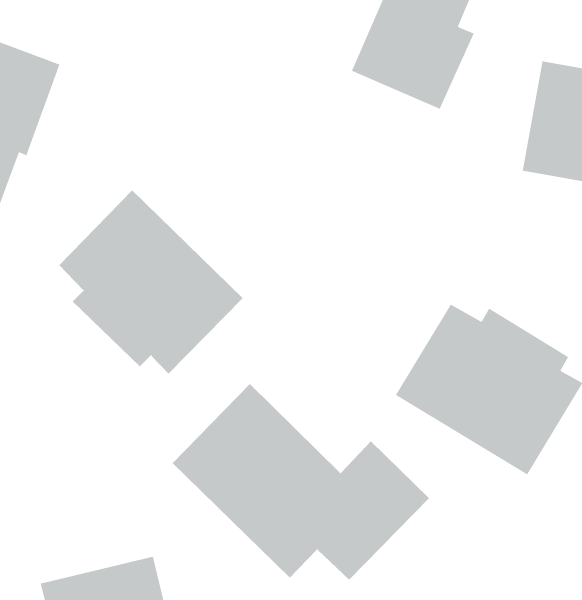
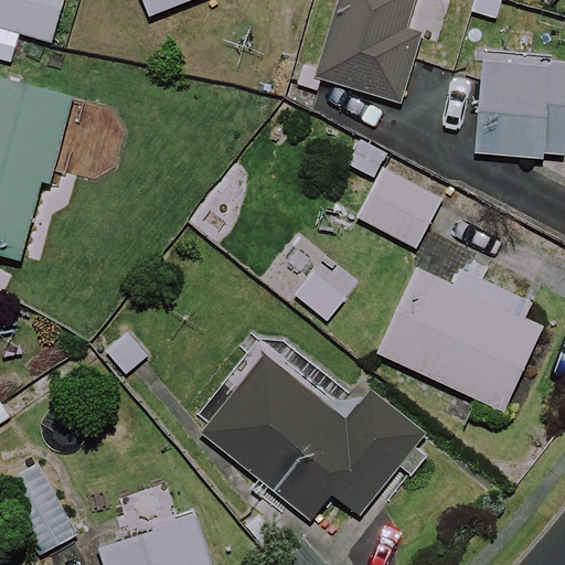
building: none -> [358,168,443,246]
building: [59,190,243,374] -> none

